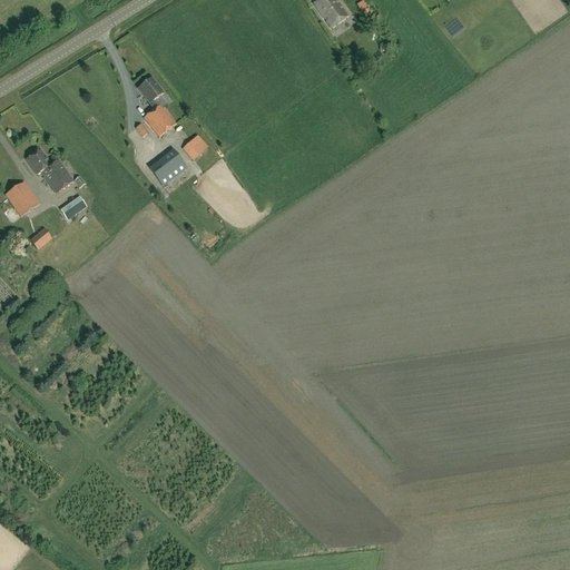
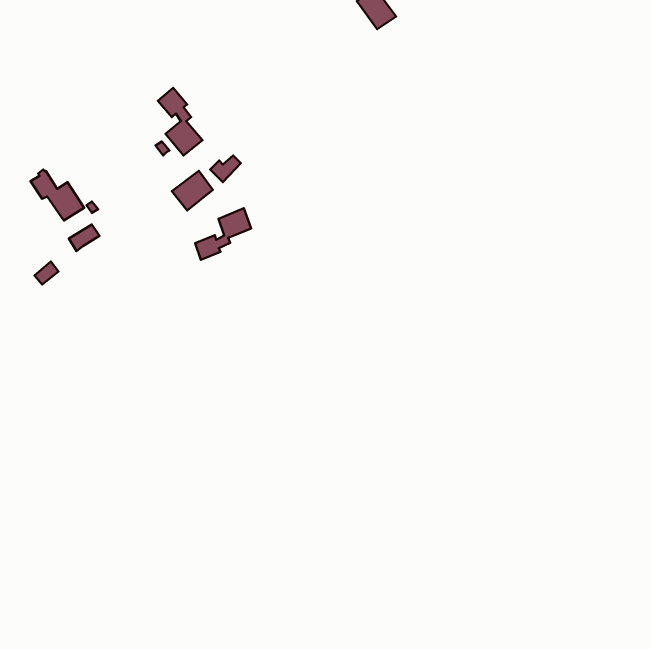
building: [6,180,39,216] -> none
building: none -> [195,208,251,260]

